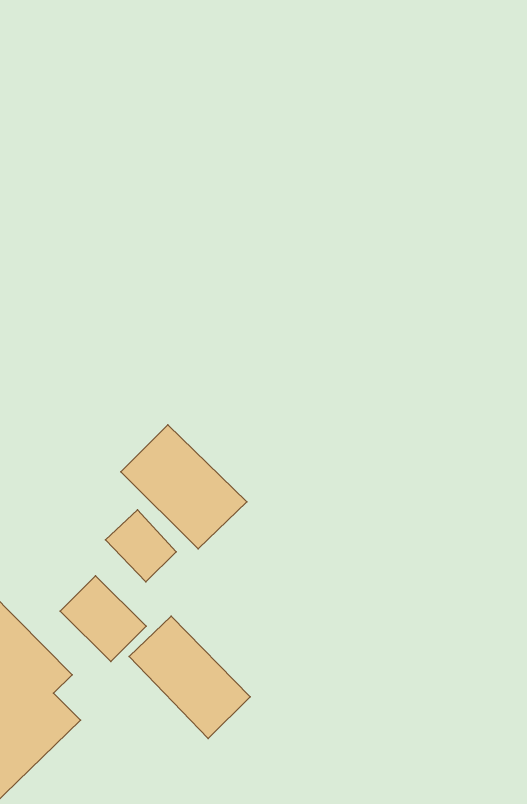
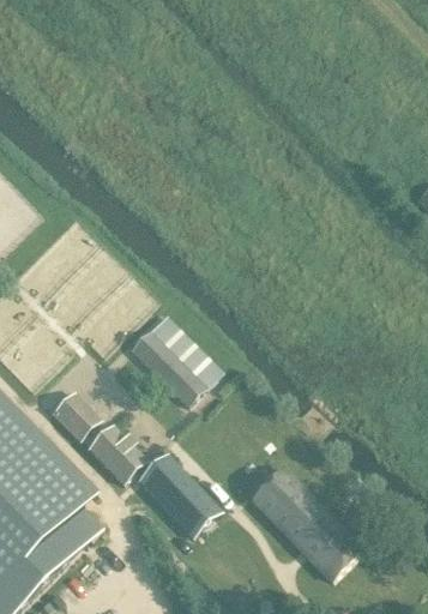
building: [105,510,176,582] -> [50,389,101,440]
building: none -> [251,468,361,579]

